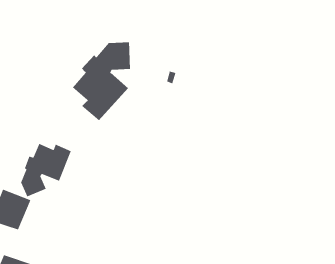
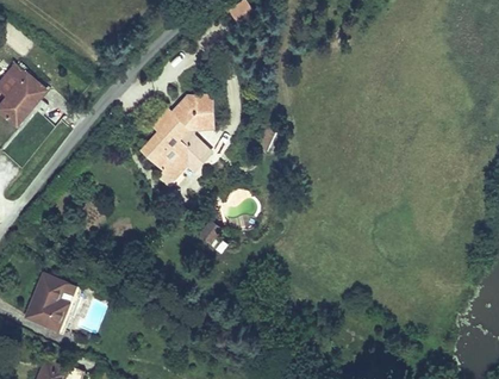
building: [20,143,72,198] -> none

